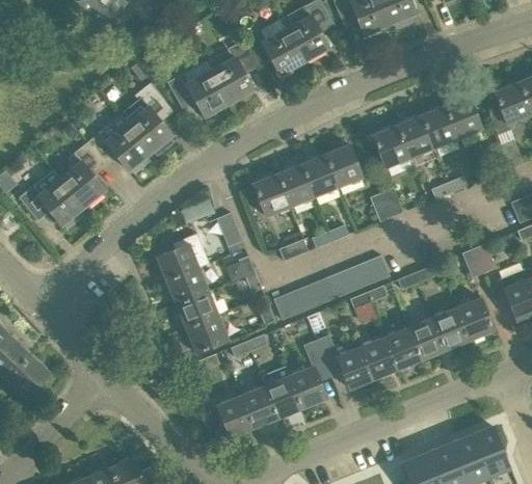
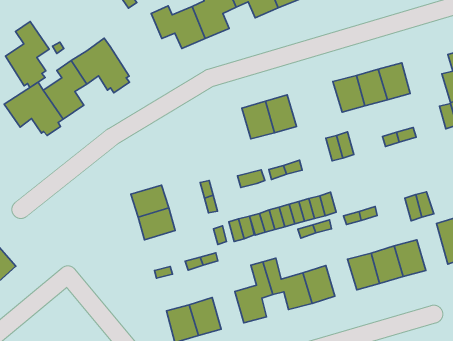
building: [126,83,172,155] -> [5,21,49,87]
building: [444,98,481,140] -> none
building: [323,145,362,189] -> none
building: [251,176,289,218] -> none
building: [213,213,242,250] -> none
building: [155,234,208,281] -> none
building: [185,316,228,353] -> none
building: [384,327,421,369] -> none
building: [262,367,302,418] -> none

